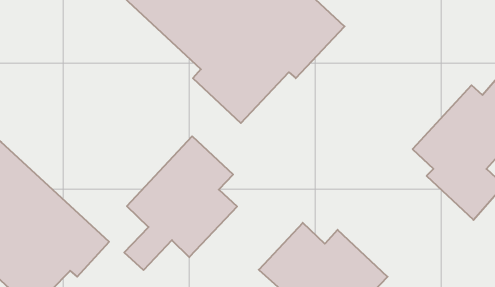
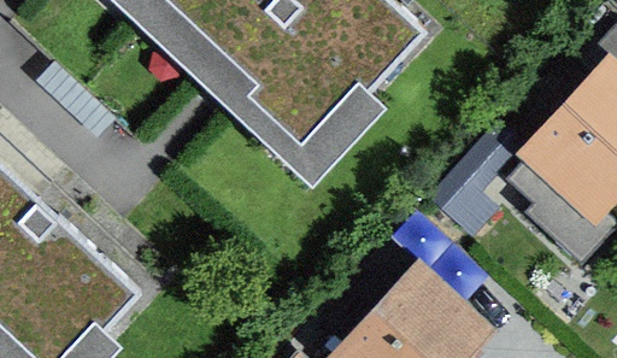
building: [124,136,237,270] -> none

